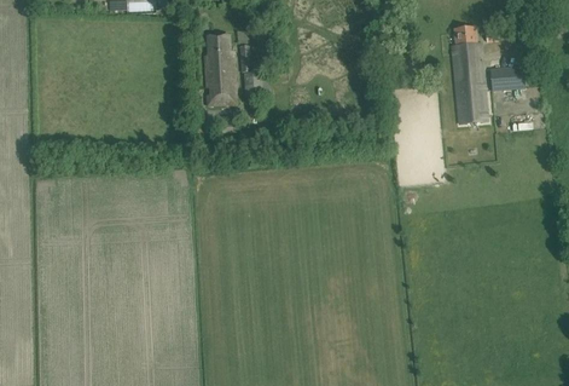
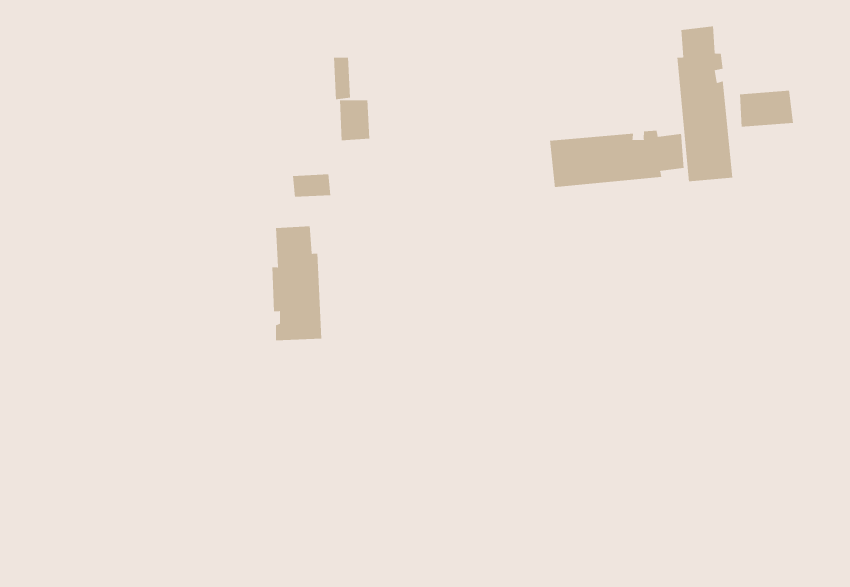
building: [204,33,236,104] -> [271,226,322,341]
building: none -> [550,130,684,188]

